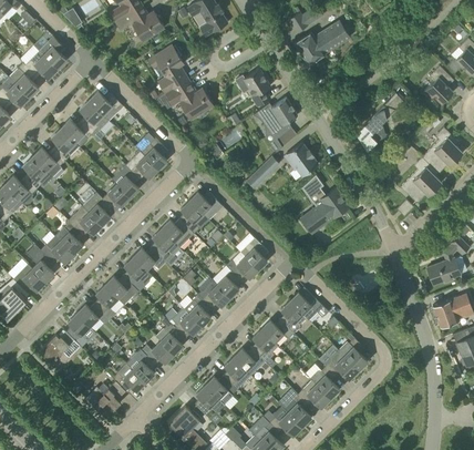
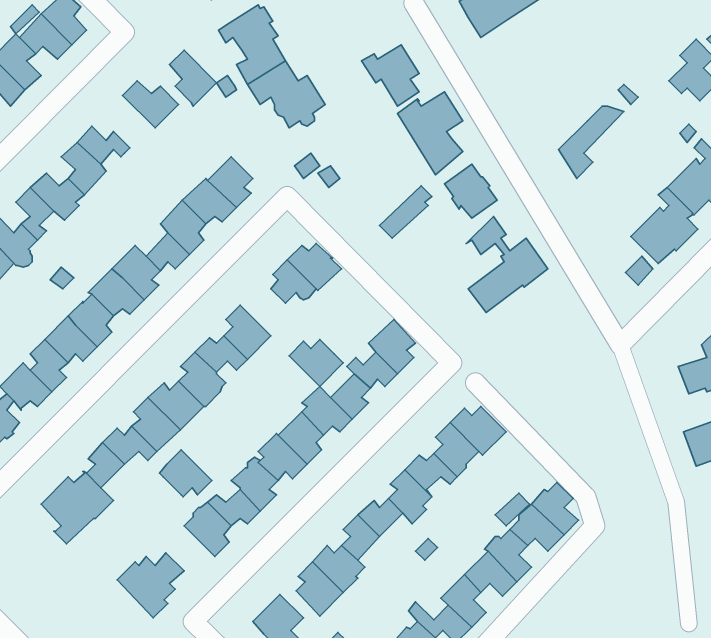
building: [80,101,109,135] -> [170,50,217,106]
building: [161,219,194,248] -> [289,339,343,386]
building: [113,365,145,393] -> [159,450,212,497]

